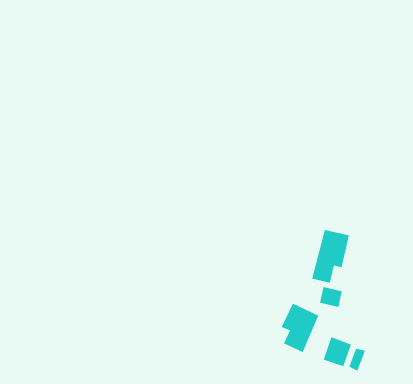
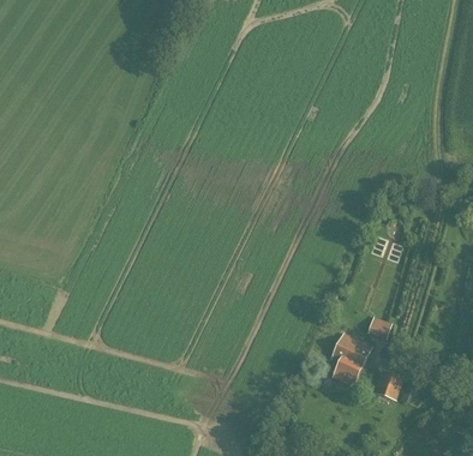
building: [312,229,349,284] -> none

